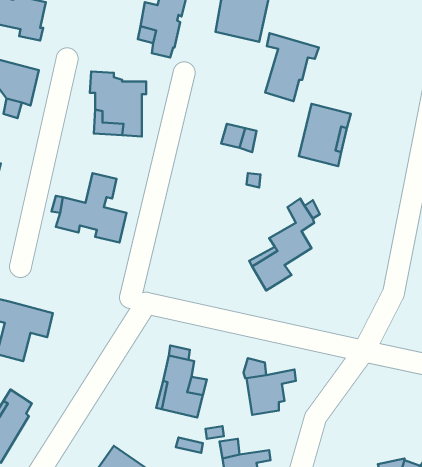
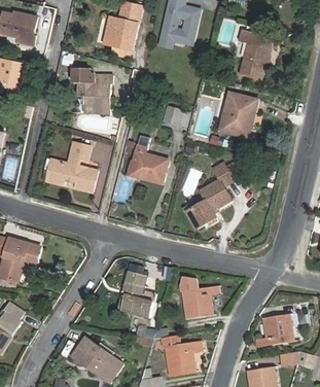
building: [265,33,319,101] -> [239,29,278,78]
building: none -> [130,134,169,183]
building: none -> [259,313,290,347]

